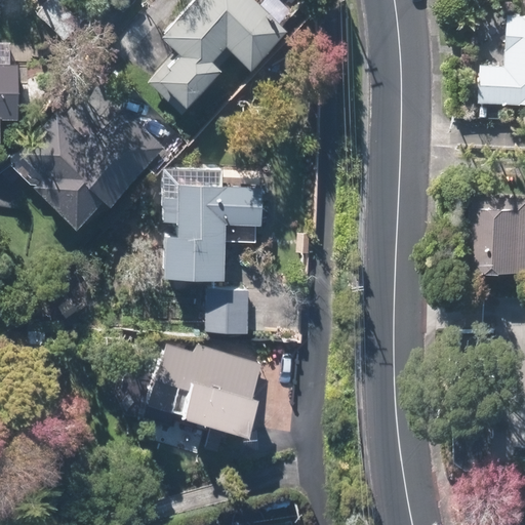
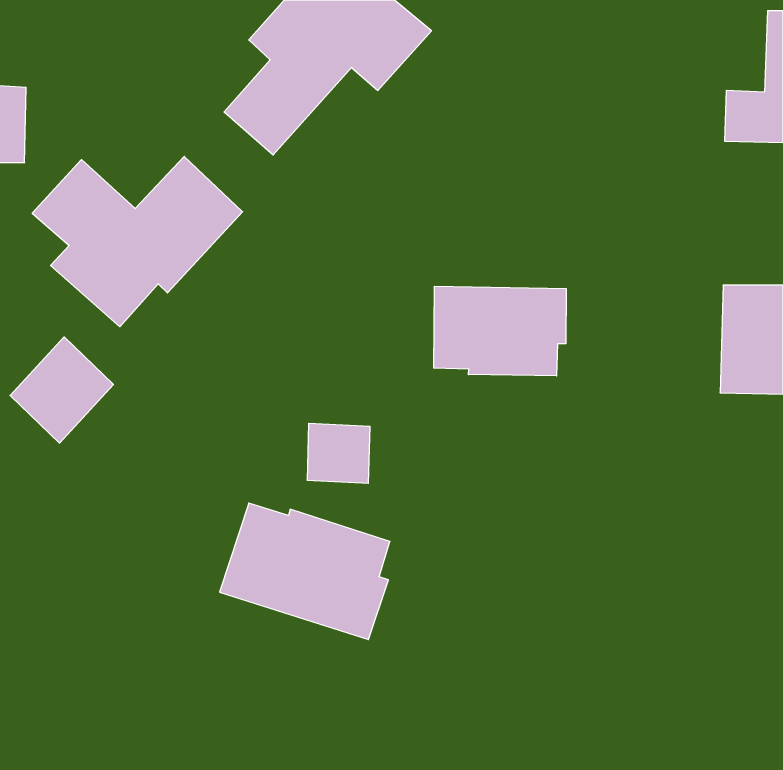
building: [162,173,262,276] -> none
building: none -> [434,286,566,376]
building: none -> [10,337,113,443]

